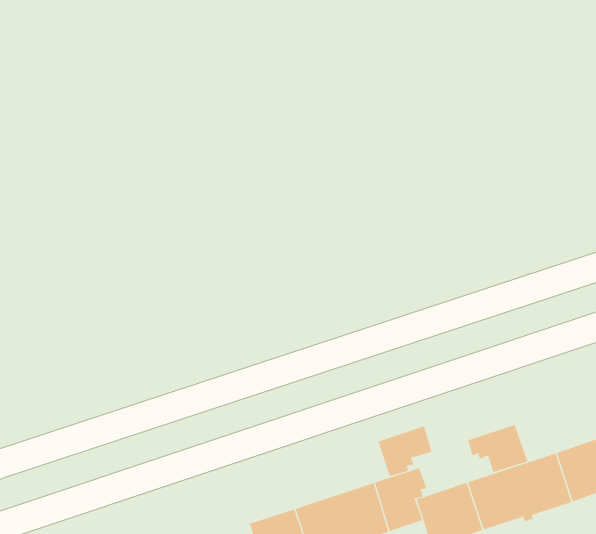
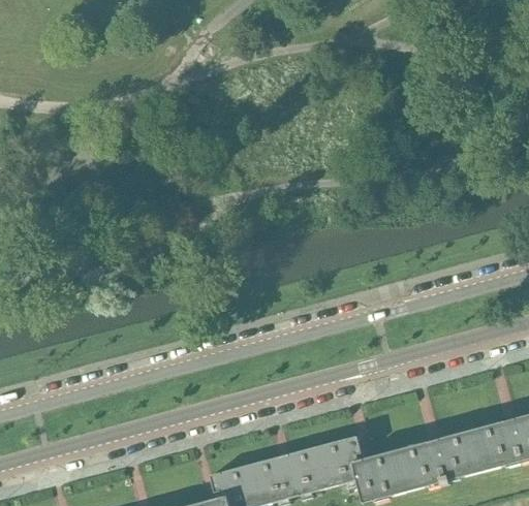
building: [467,424,528,473] -> none
building: [378,426,432,477] -> none

